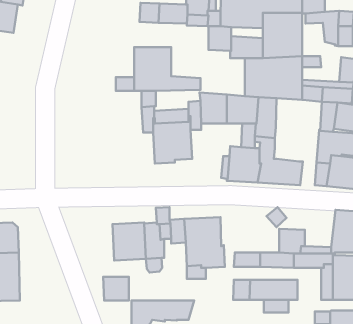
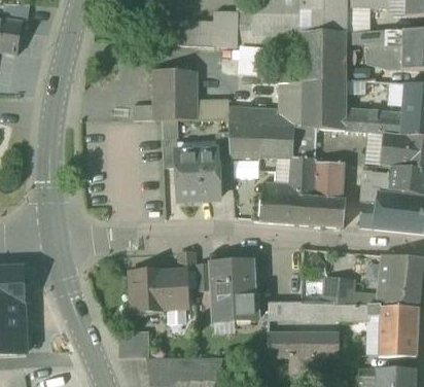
building: none -> [228,105,280,126]
building: none -> [316,162,344,200]

